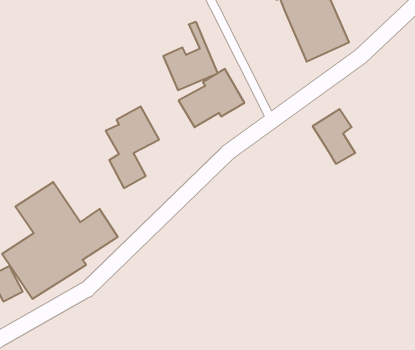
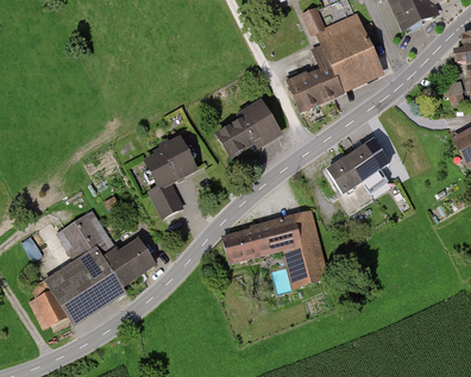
building: [163,22,218,90] -> [287,43,340,109]
building: none -> [327,156,362,193]
building: none -> [221,212,327,287]

